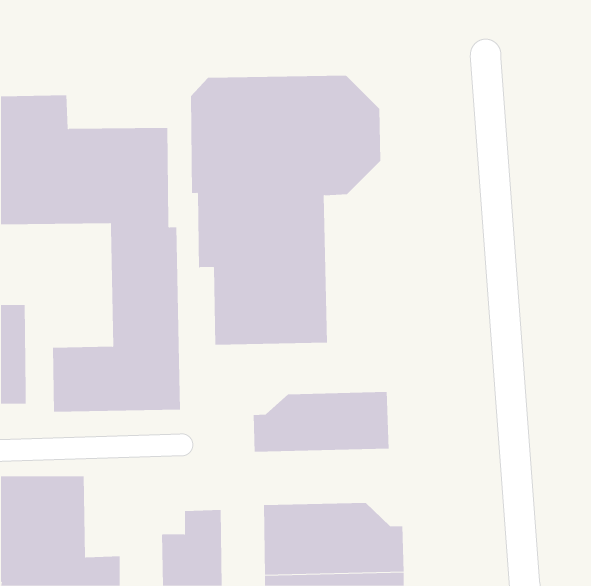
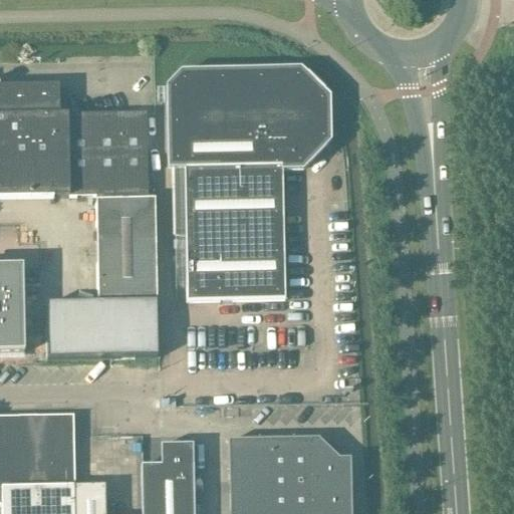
building: [253,391,389,452] -> none

